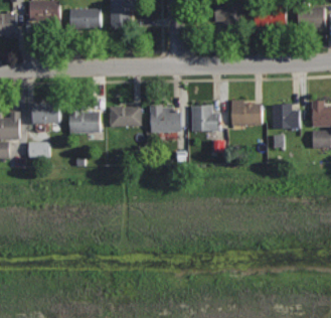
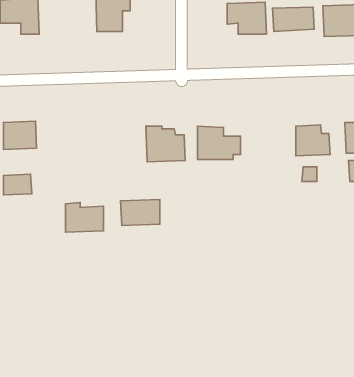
building: [69,8,101,28] -> none
building: [230,99,263,126] -> none
building: [109,106,141,127] -> [121,200,160,225]
building: [68,109,100,133] -> [65,203,103,232]

